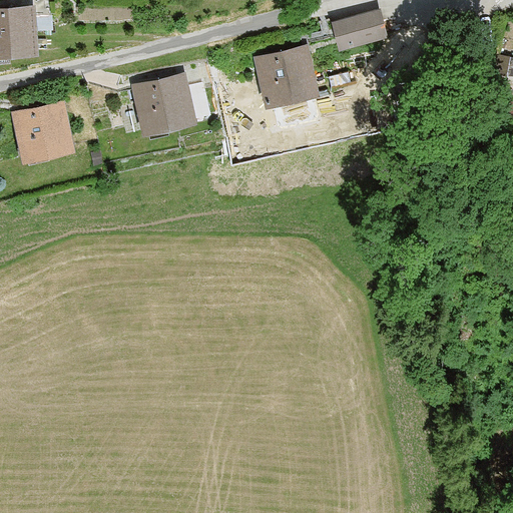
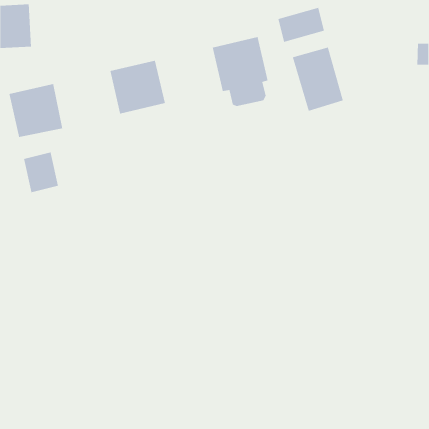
building: none -> [292,46,344,112]
building: none -> [23,151,59,193]

